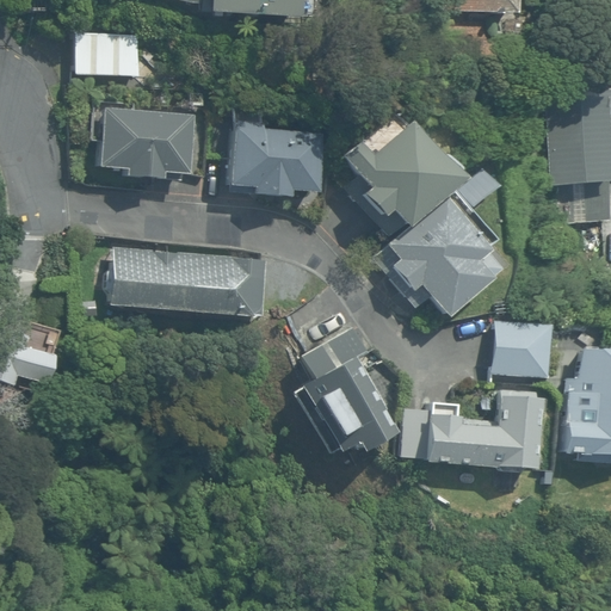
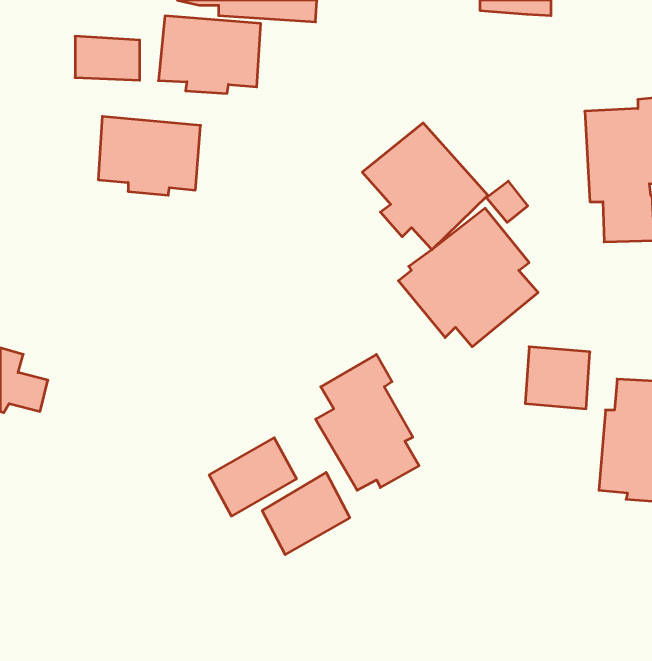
building: [228,126,322,198] -> [158,16,261,93]
building: [111,246,266,315] -> none
building: [402,390,538,469] -> none
building: none -> [209,438,296,516]
building: none -> [262,472,350,555]

